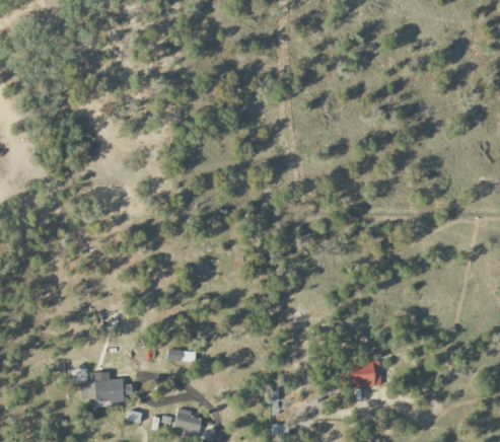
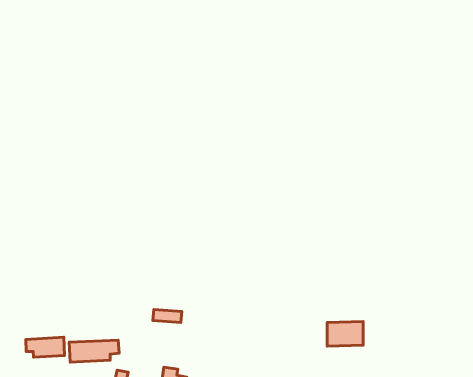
building: none -> [26,337,65,357]

